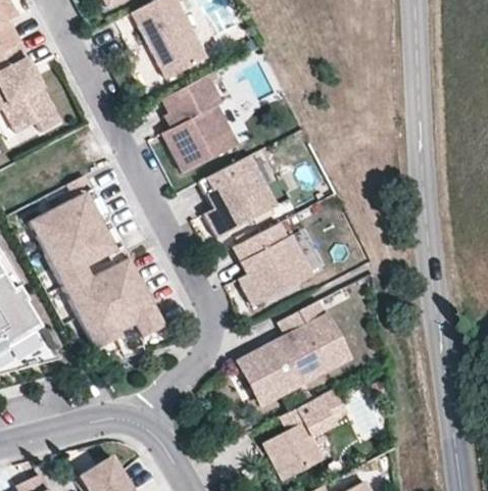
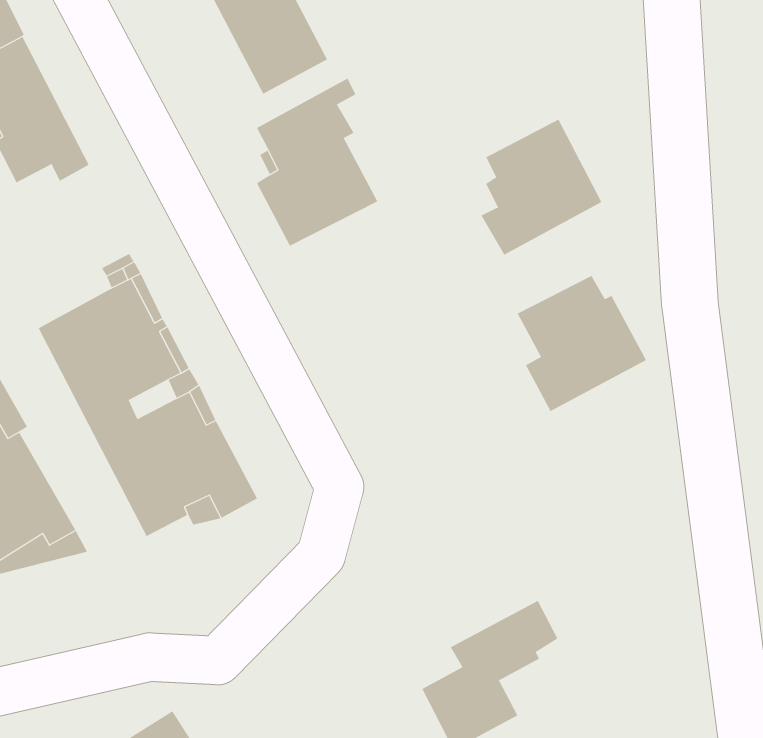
building: [202,155,277,239] -> [481,119,602,256]
building: [232,224,311,307] -> [517,275,647,412]
building: [240,301,347,402] -> none

